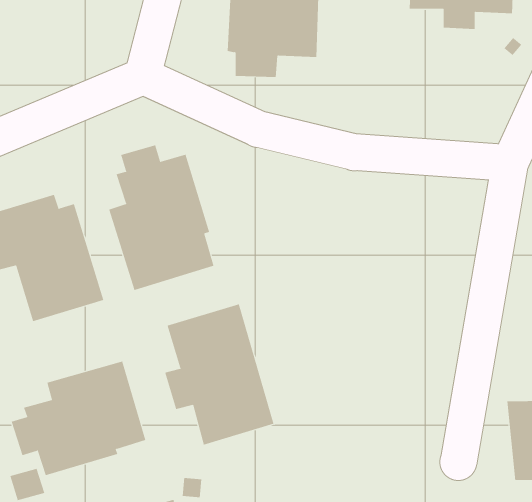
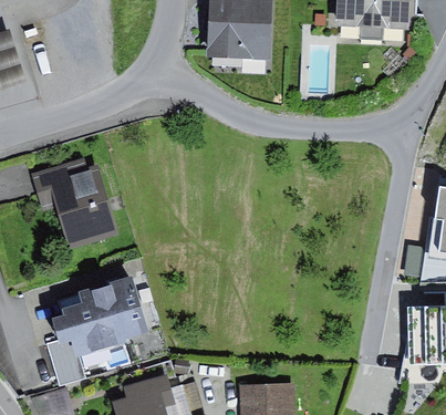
building: [109,145,214,291] -> none
building: [164,304,274,445] -> none

